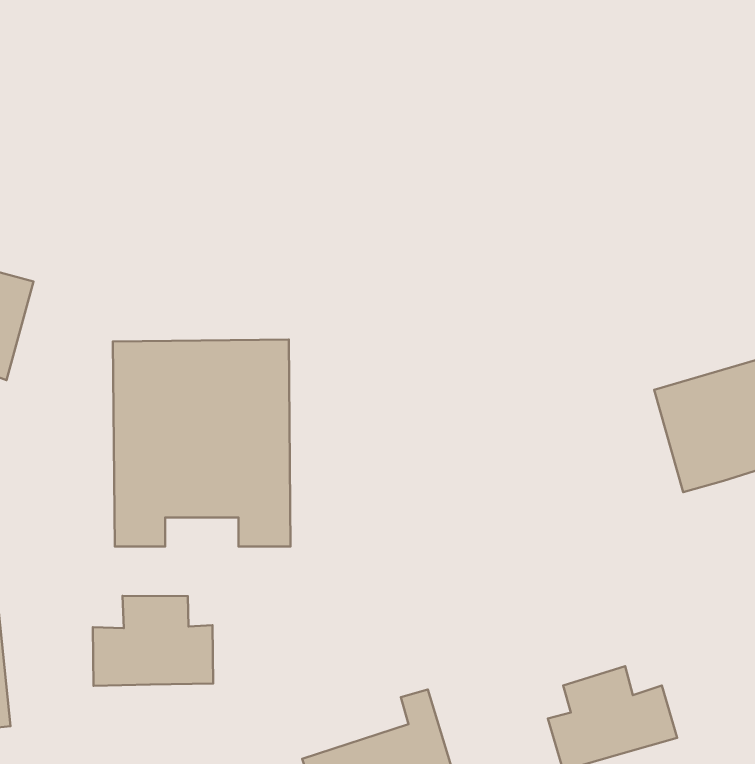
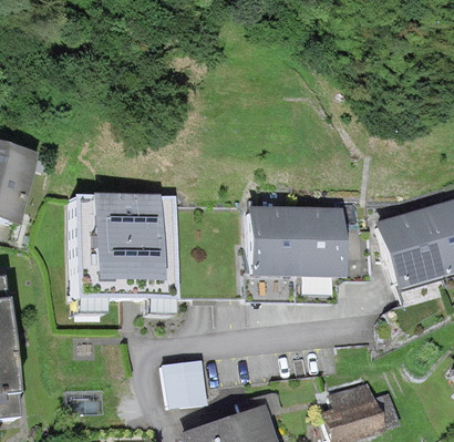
building: none -> [252,210,342,273]
building: [93,596,213,686] -> none
building: none -> [166,359,209,404]

